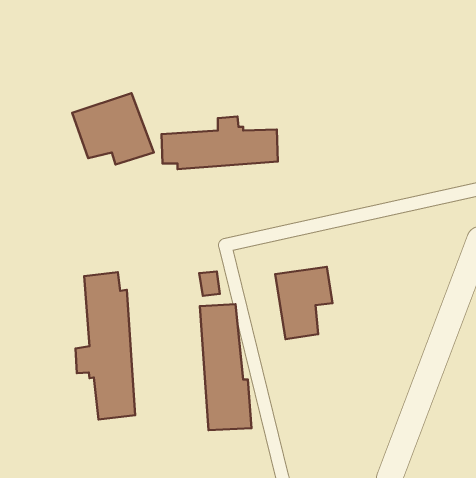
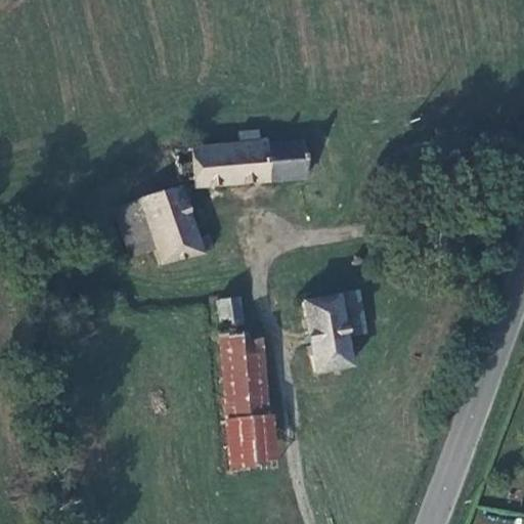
building: [72,93,154,165] -> [117,184,206,262]
building: [76,272,135,419] -> none

